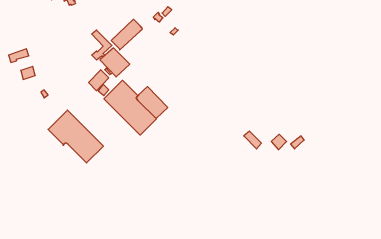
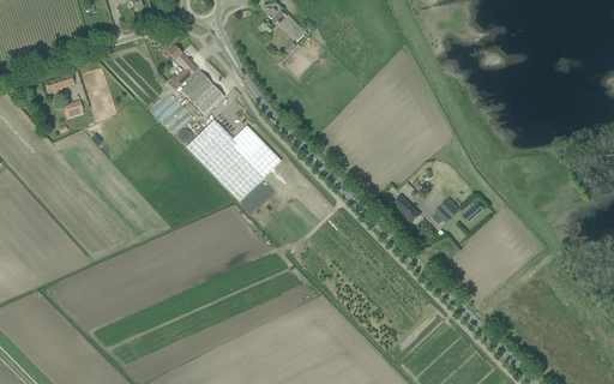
building: [111,19,142,50] -> none
building: [48,110,103,163] -> none

